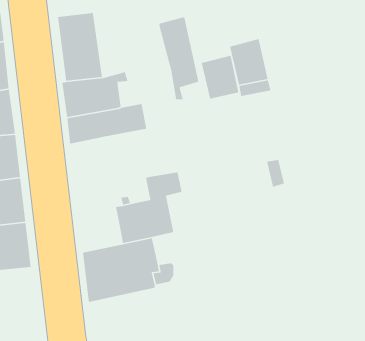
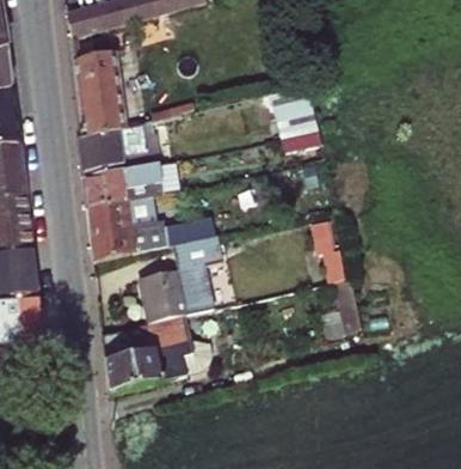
building: [158,16,199,100] -> none
building: [201,55,239,100] -> none
building: none -> [88,197,179,260]
building: none -> [320,278,363,337]

